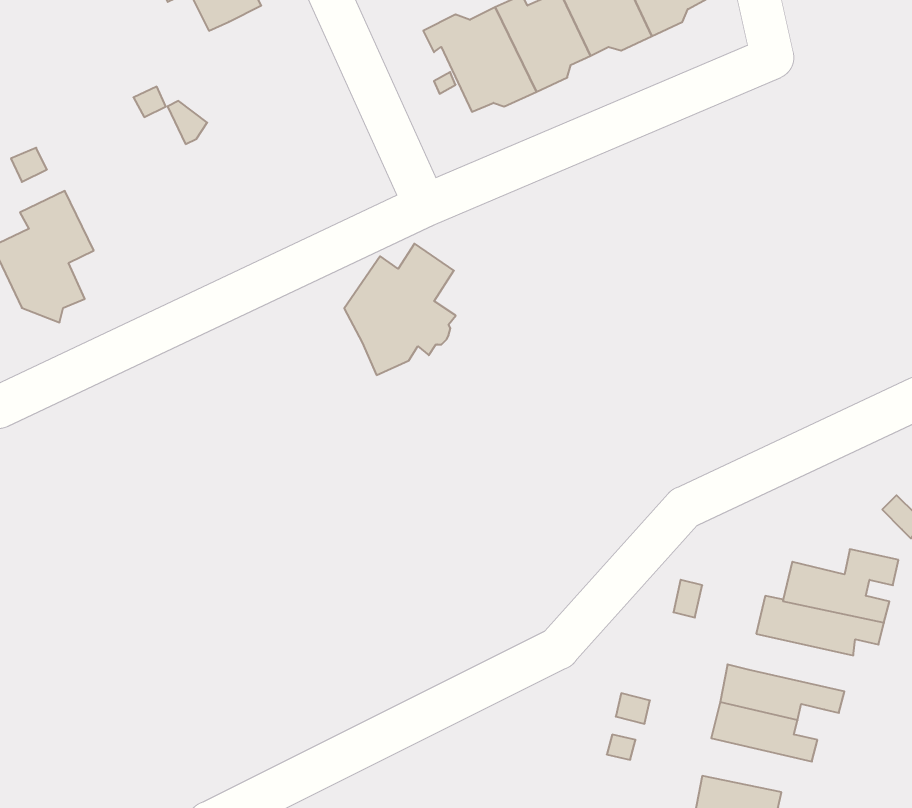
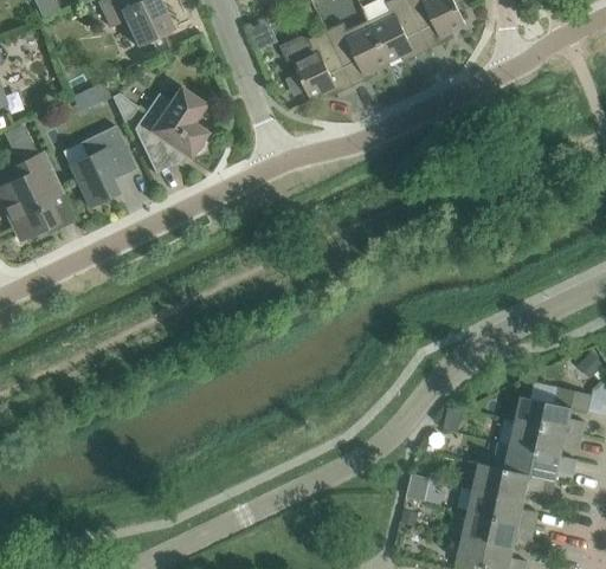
building: none -> [69,125,136,207]
building: [344,244,456,375] -> [134,85,207,172]
building: none -> [494,442,578,480]
building: none -> [463,511,535,547]

